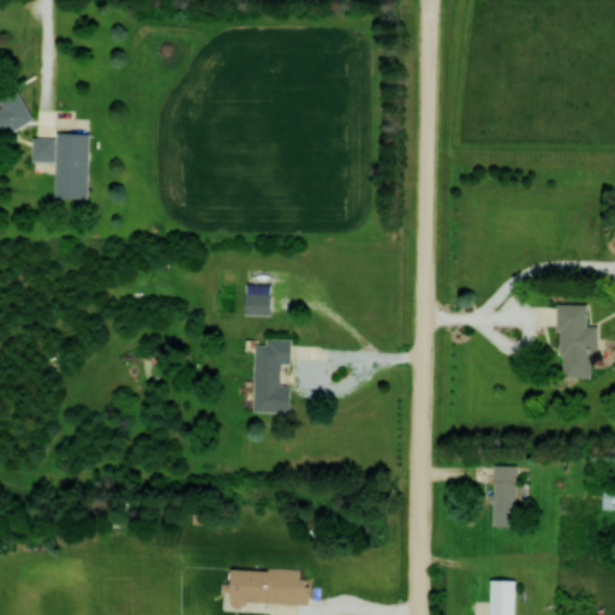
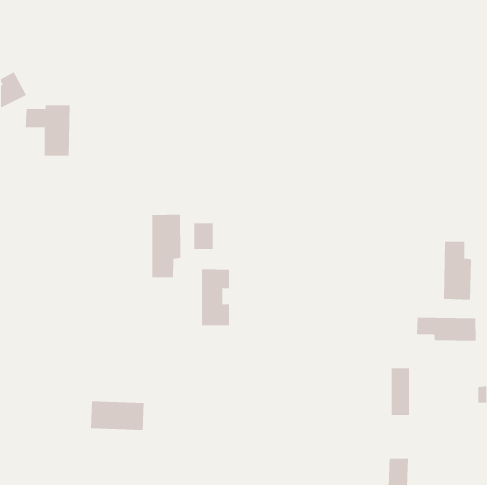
building: none -> [152,214,181,278]
building: none -> [417,317,476,341]
building: [232,569,300,607] -> [90,401,144,430]

